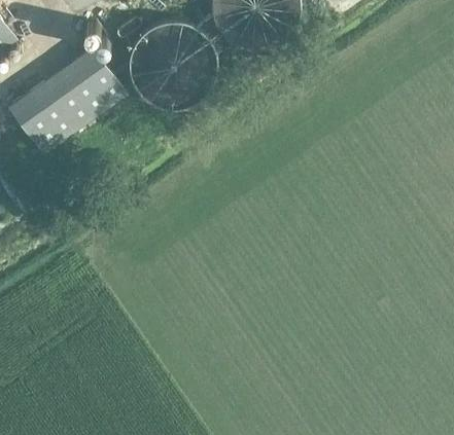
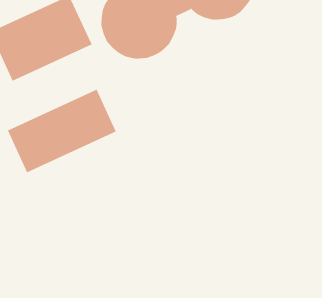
building: none -> [7,89,117,173]

